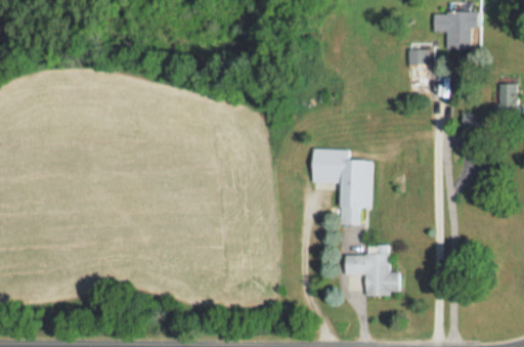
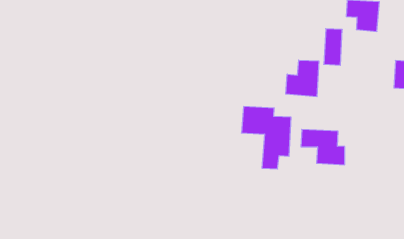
building: none -> [286,60,319,97]
building: [345,254,400,295] -> [301,129,345,165]

